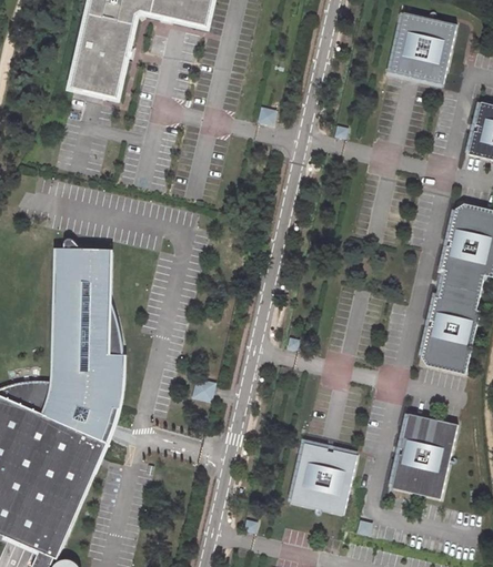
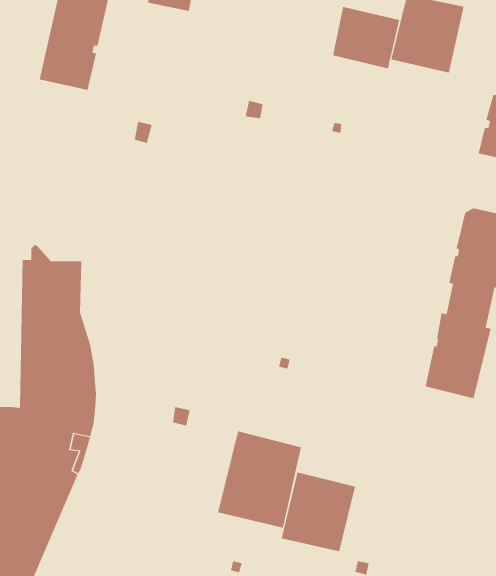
building: none -> [332,6,400,69]
building: none -> [218,430,302,528]
building: [390,412,456,497] -> none

